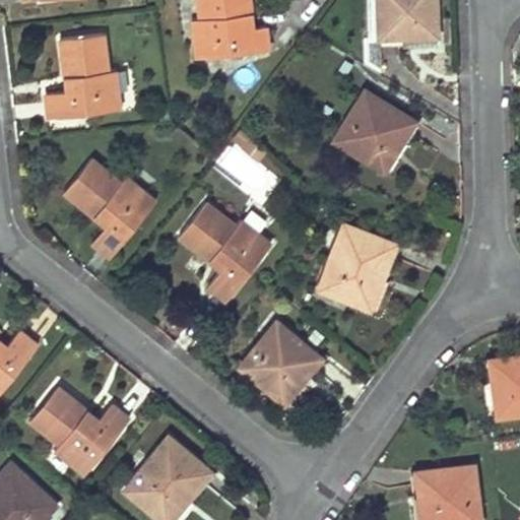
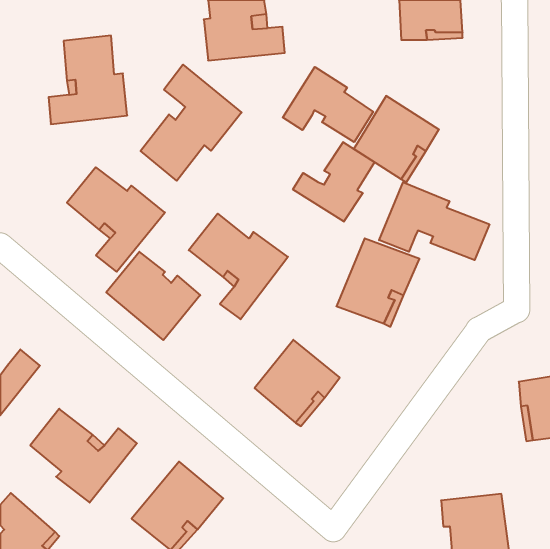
building: none -> [141,65,242,181]
building: none -> [283,67,373,142]
building: none -> [293,142,374,222]
building: none -> [379,182,489,260]
building: none -> [106,252,200,340]

